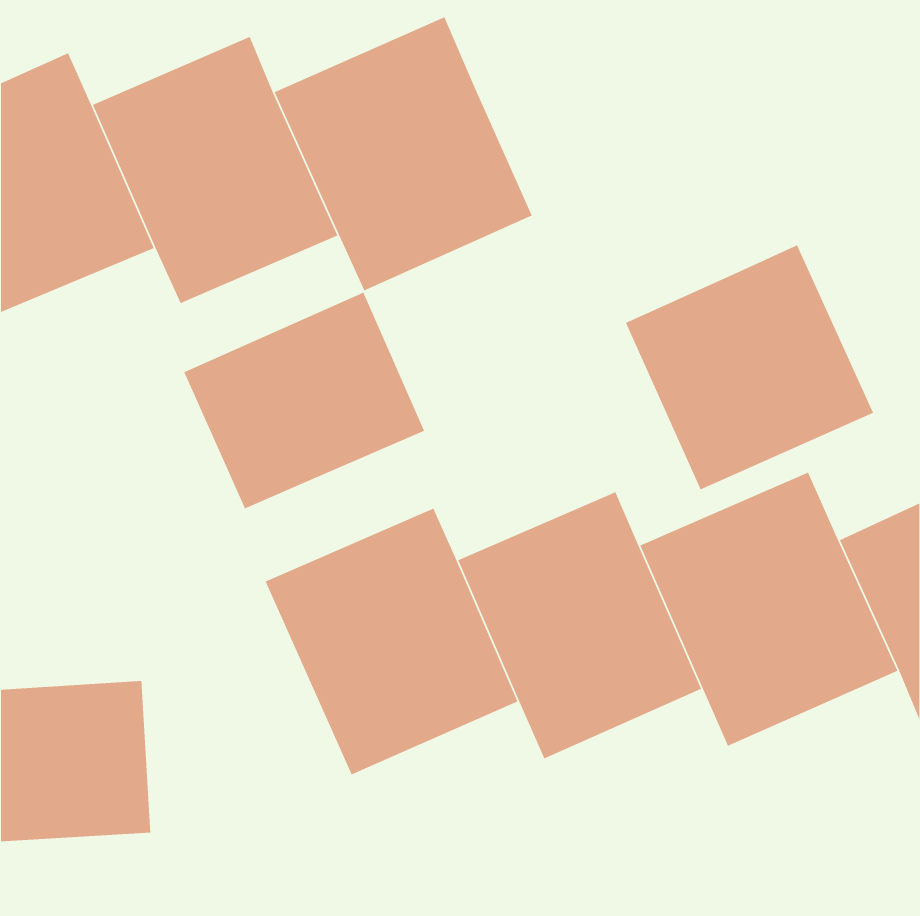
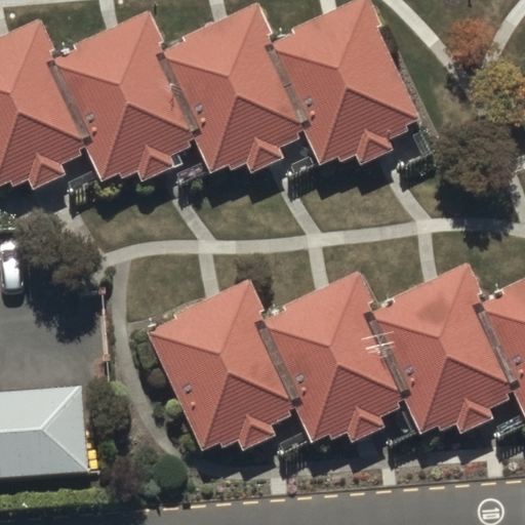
building: none -> [271,12,406,159]
building: [625,244,874,490] -> none
building: [183,292,425,510] -> none

